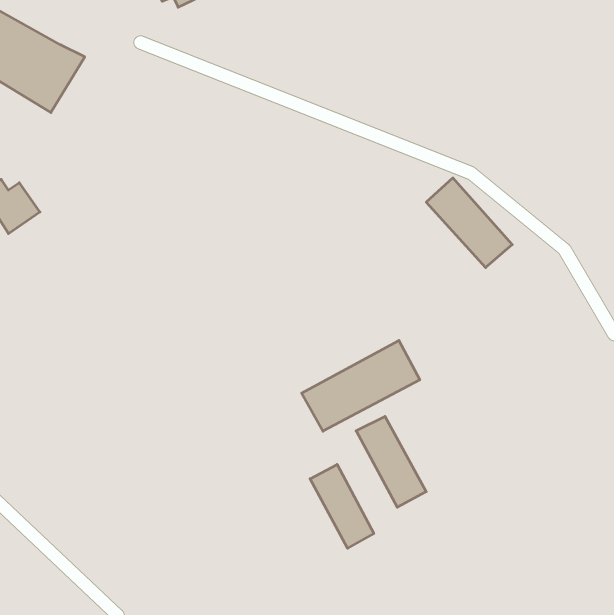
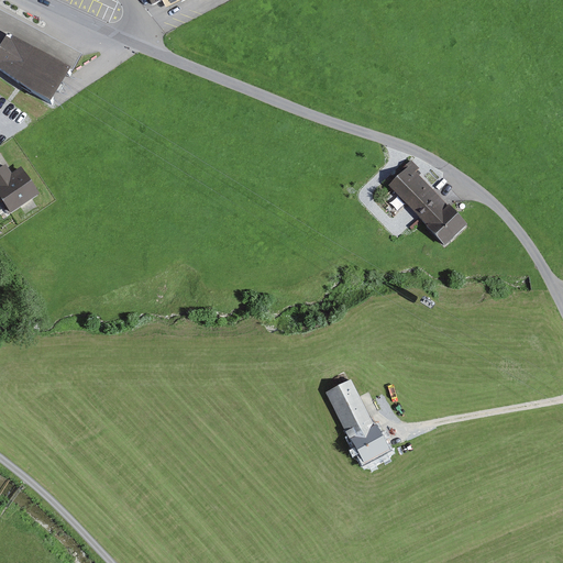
building: [302,340,420,431] -> none
building: [310,464,374,548] -> none

